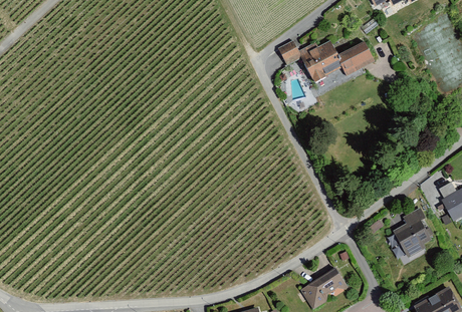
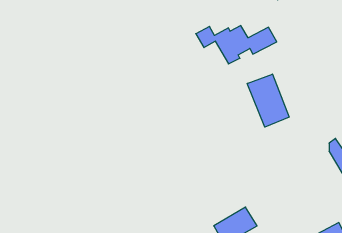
building: none -> [247,74,289,127]
building: [393,202,434,255] -> none

